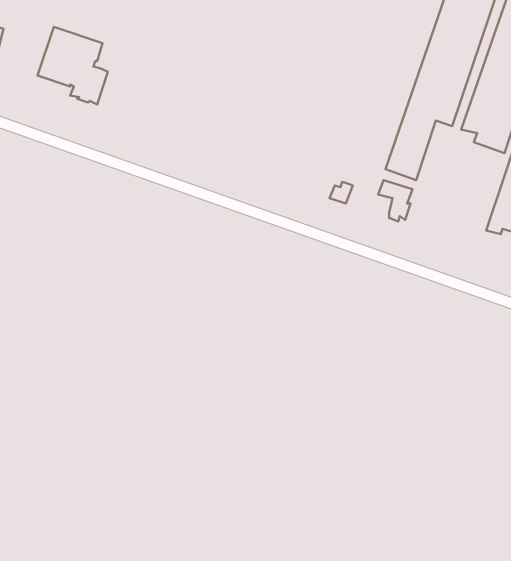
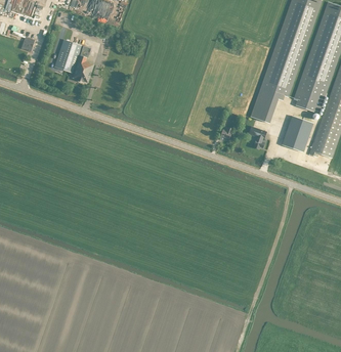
building: none -> [280,116,311,152]

